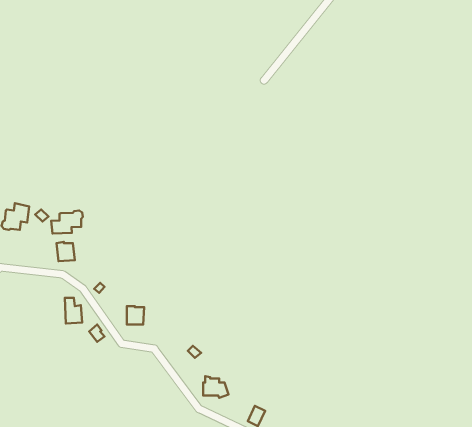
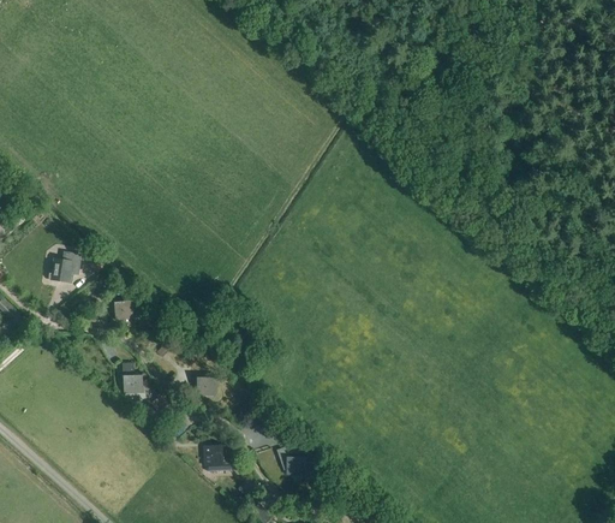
building: [51,210,83,234] -> none
building: none -> [203,445,237,473]

